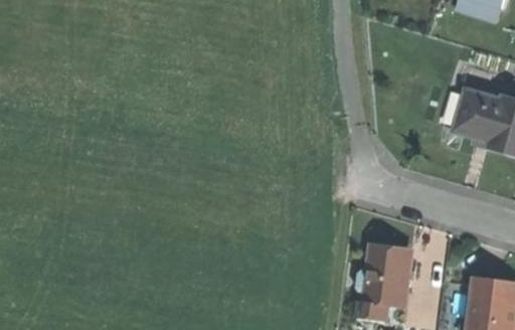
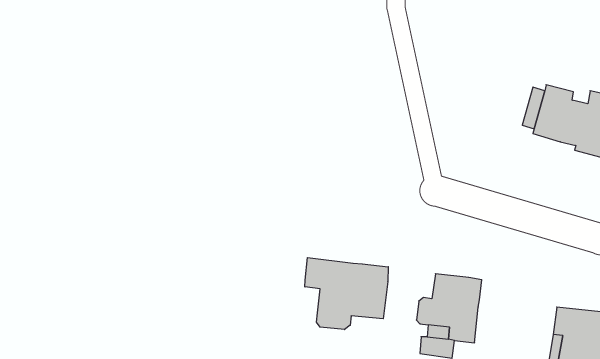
building: none -> [305,258,388,330]

